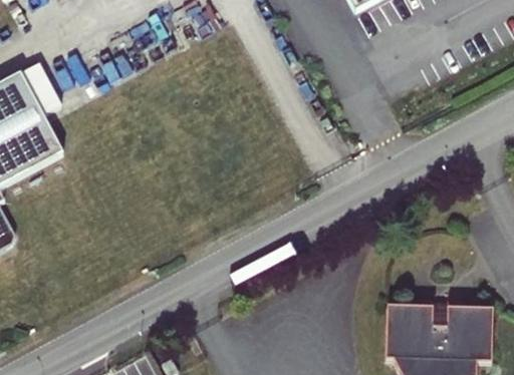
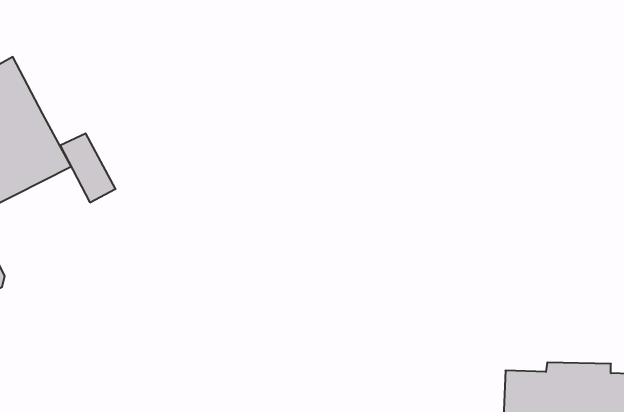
building: [21,67,62,118] -> [60,133,116,202]

